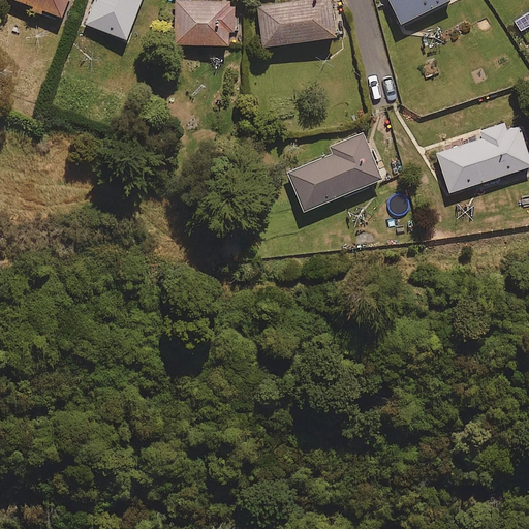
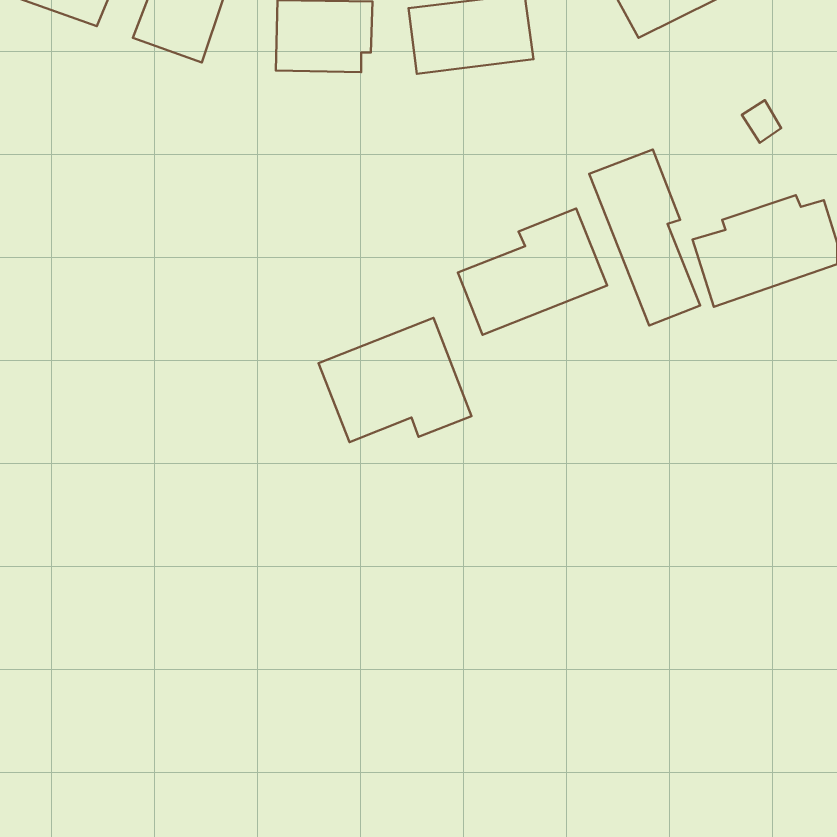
building: none -> [589,150,700,326]
building: none -> [318,318,472,442]

